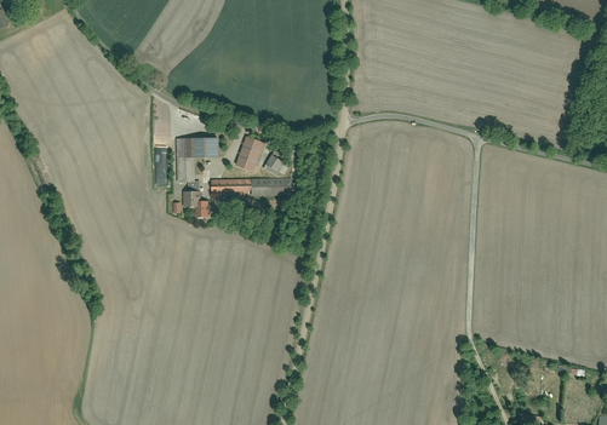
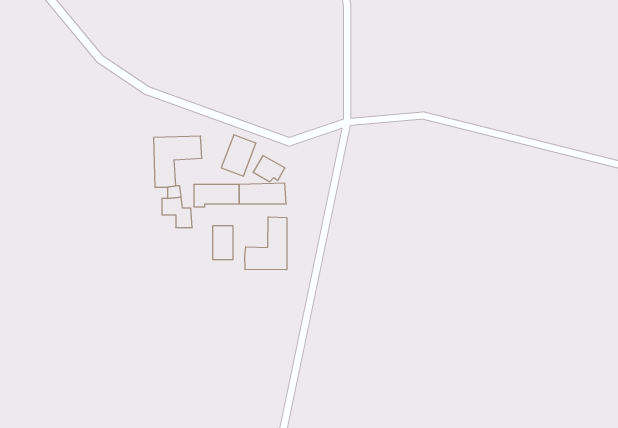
building: none -> [245,217,287,270]
building: none -> [213,226,233,260]

